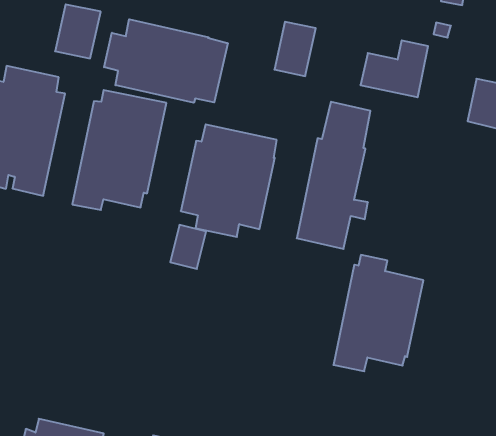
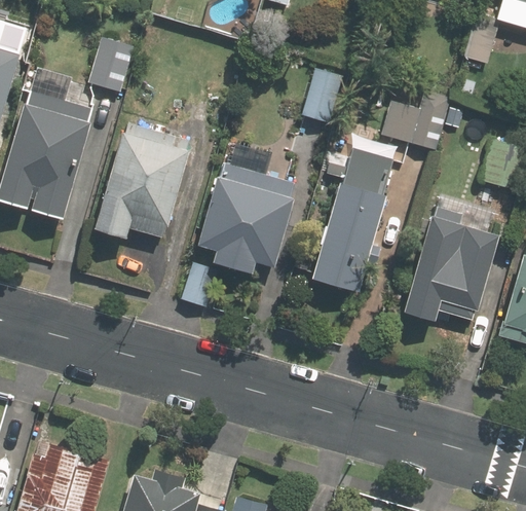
building: [104,19,228,103] -> none
building: [333,255,423,371] -> [405,207,498,321]

